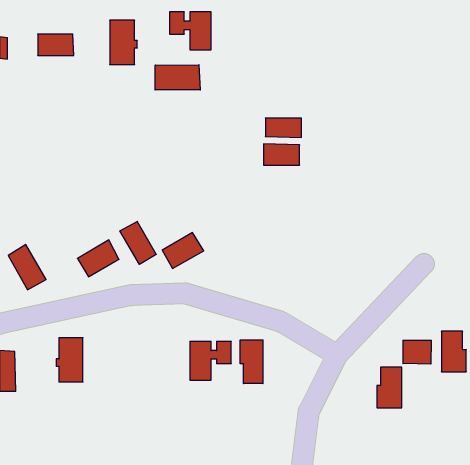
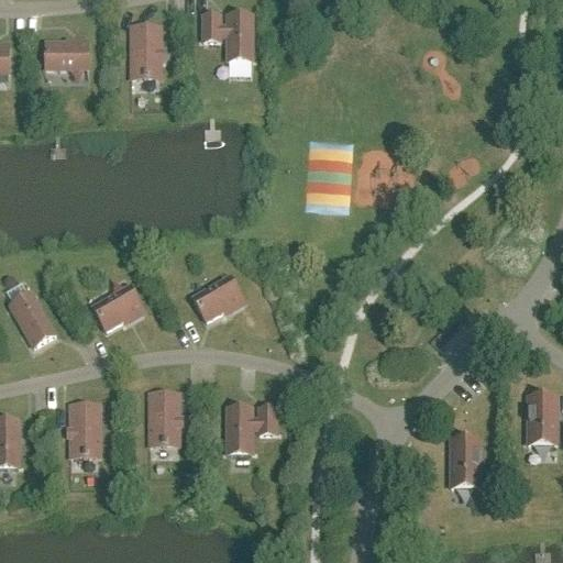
building: [155,65,200,90] -> none
building: [120,221,156,264] -> none
building: none -> [148,391,181,444]
building: [240,340,263,384] -> none
building: [403,340,431,364] -> none

